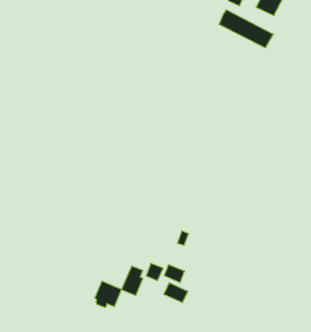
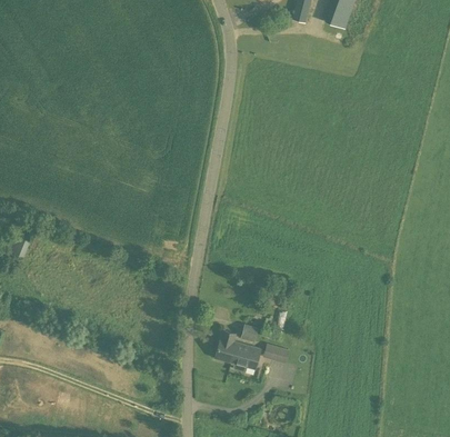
building: [219,10,273,48] -> none
building: [95,281,122,307] -> [233,341,262,370]

